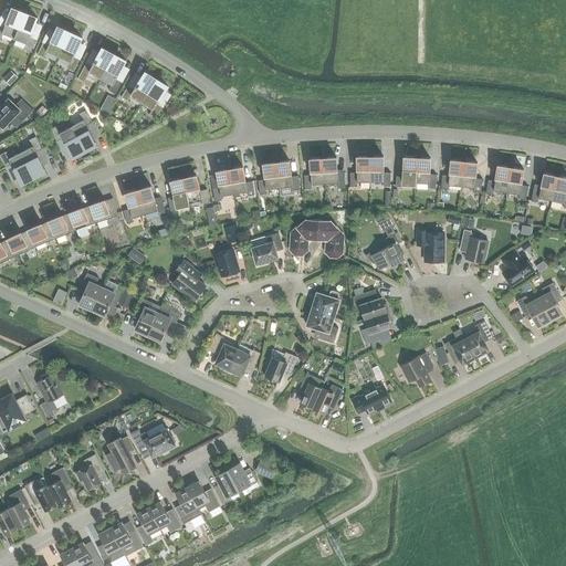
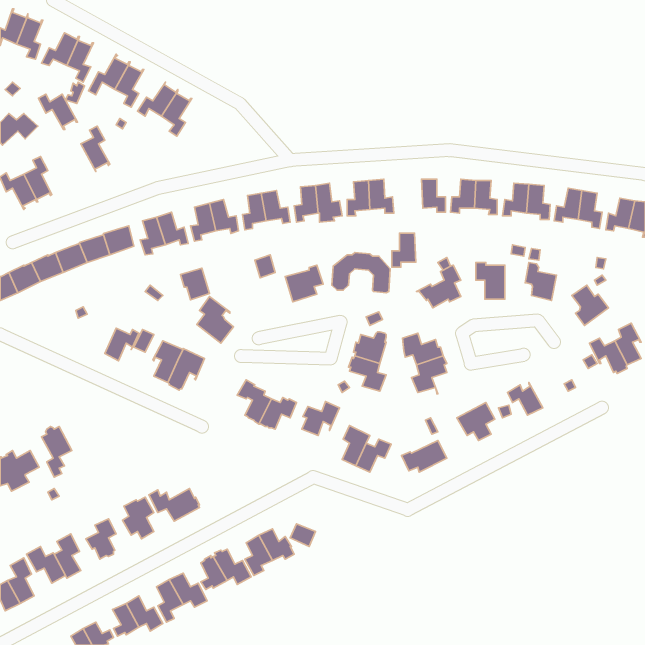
building: [50,126,84,157] -> [38,94,77,130]
building: [349,157,370,187] -> [392,233,416,267]
building: [213,249,239,276] -> [180,268,209,300]
building: [78,273,102,311] -> none
building: [463,321,490,357] -> none

